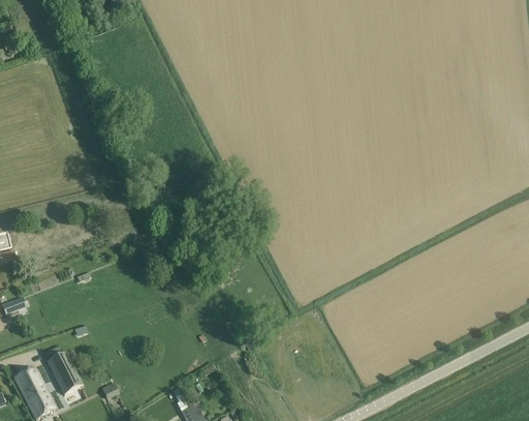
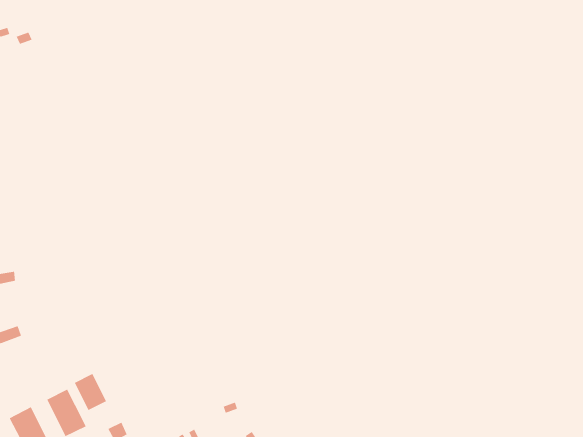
building: none -> [74,373,107,411]

